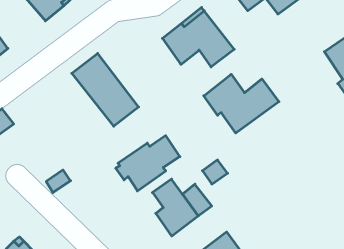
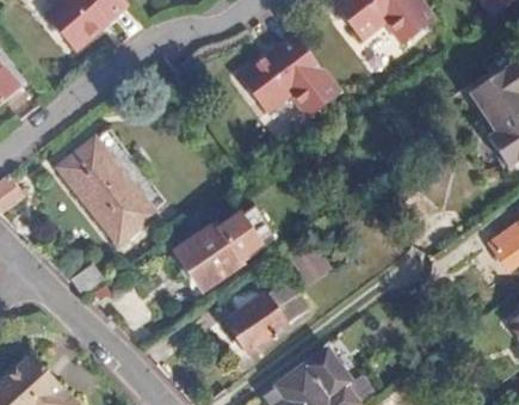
building: [72,53,139,126] -> [58,137,154,241]
building: [204,74,279,133] -> none

